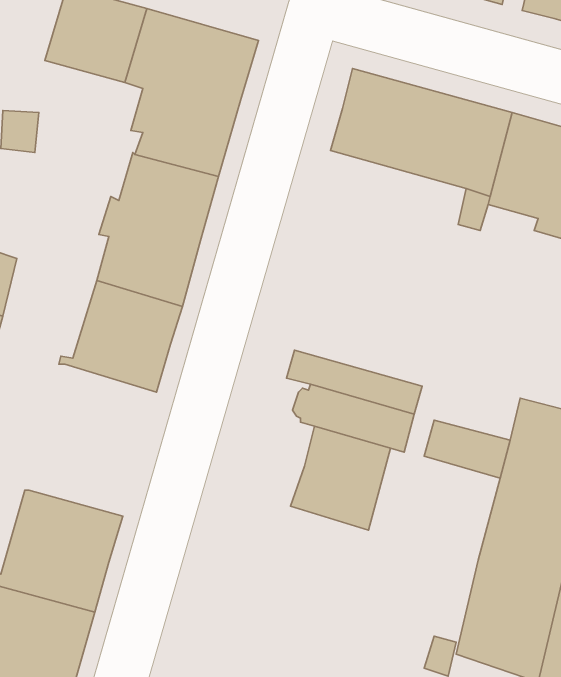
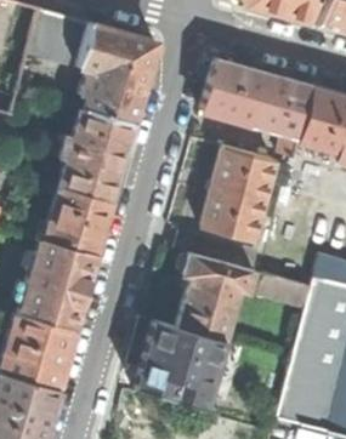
building: none -> [205,147,276,240]
building: none -> [18,239,97,331]
building: none -> [136,319,226,407]

